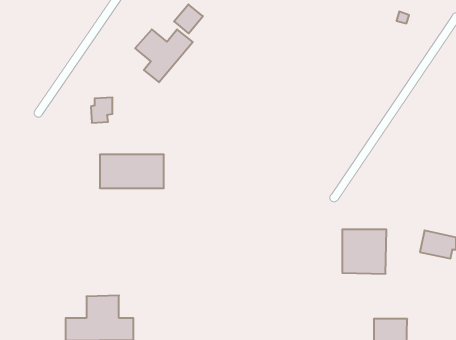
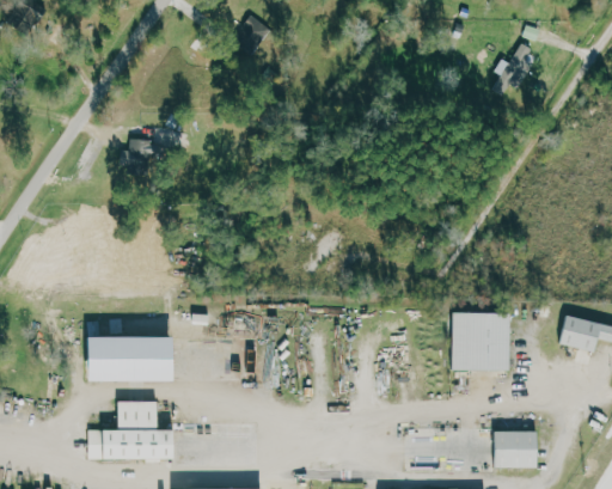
building: none -> [490,42,531,93]
building: [135,29,193,82] -> none
building: [100,155,164,188] -> [93,338,178,383]

